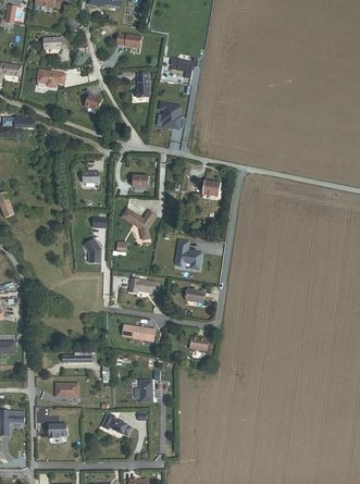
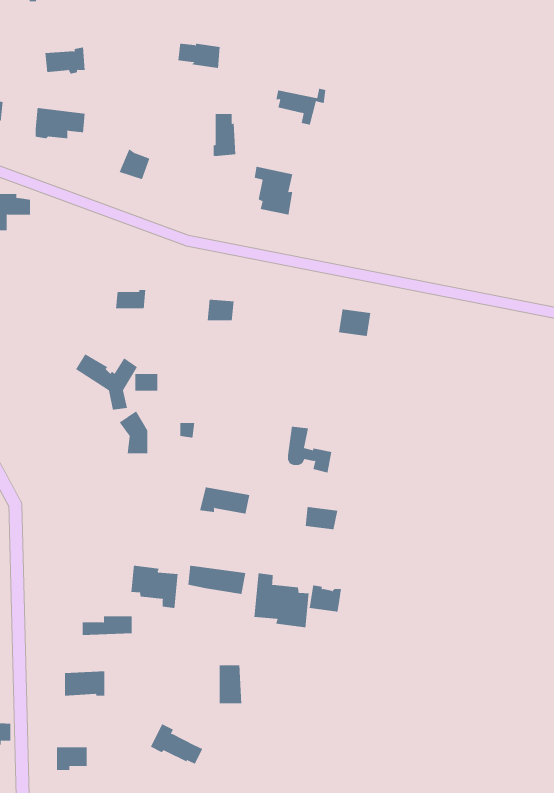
building: [121,208,156,239] -> [75,353,138,410]
building: none -> [131,565,178,609]
building: none -> [254,573,309,628]

